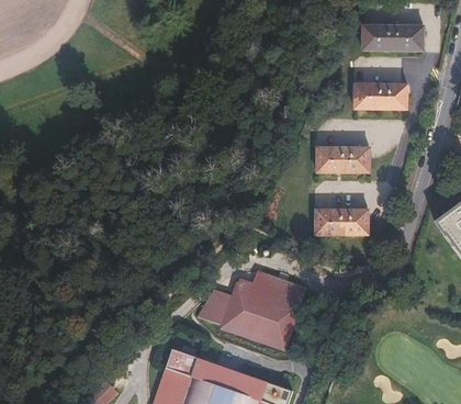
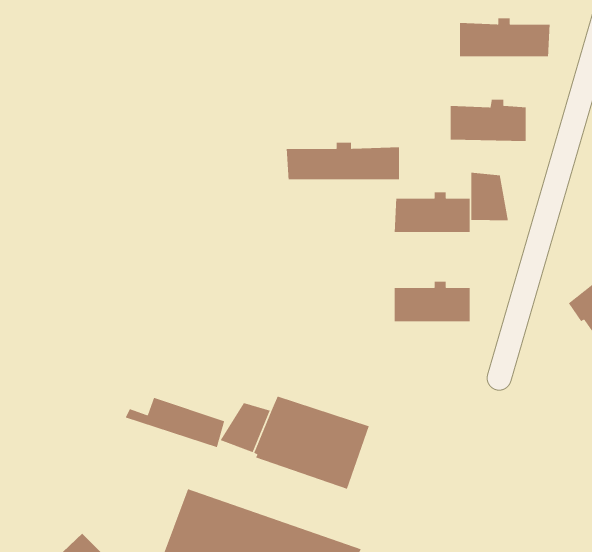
building: none -> [286,142,400,180]
building: none -> [470,172,509,221]
building: [236,270,305,305] -> [125,397,225,448]

